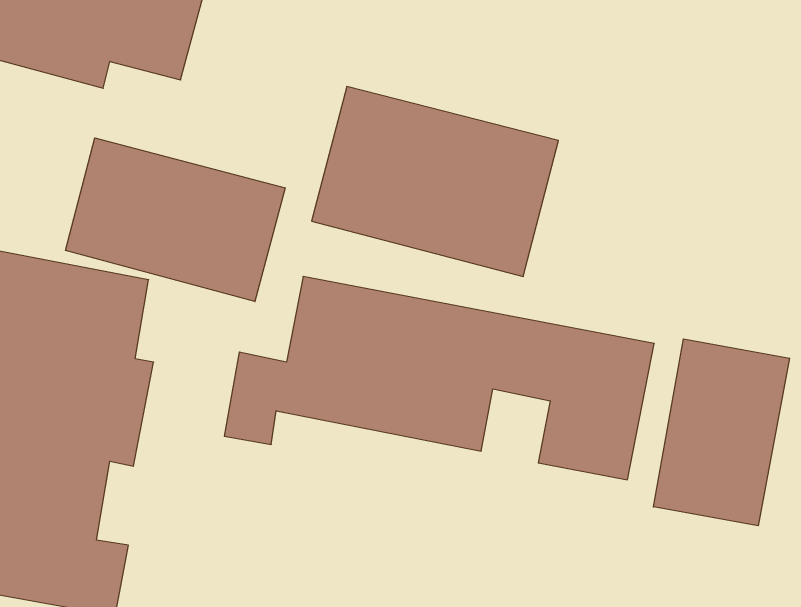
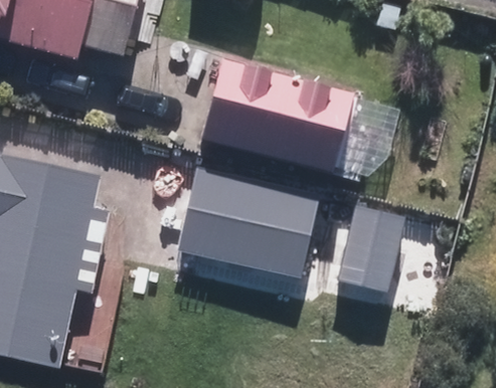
building: [65,138,285,302] -> none
building: [653,339,790,526] -> none

